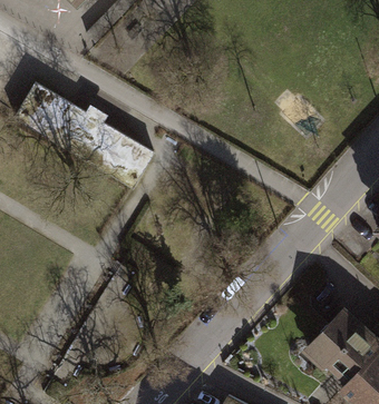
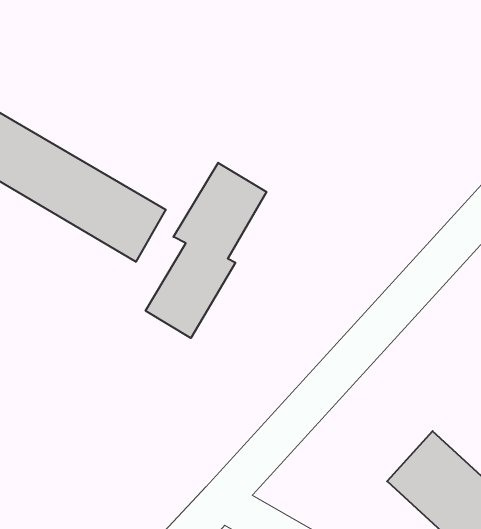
building: none -> [146,163,266,338]

